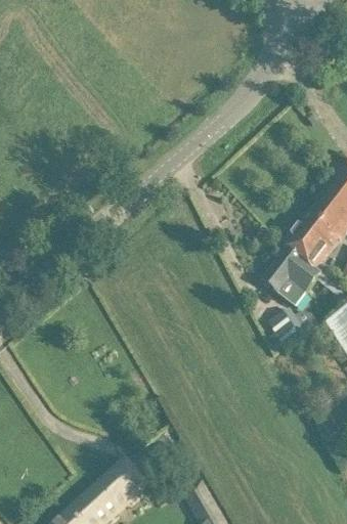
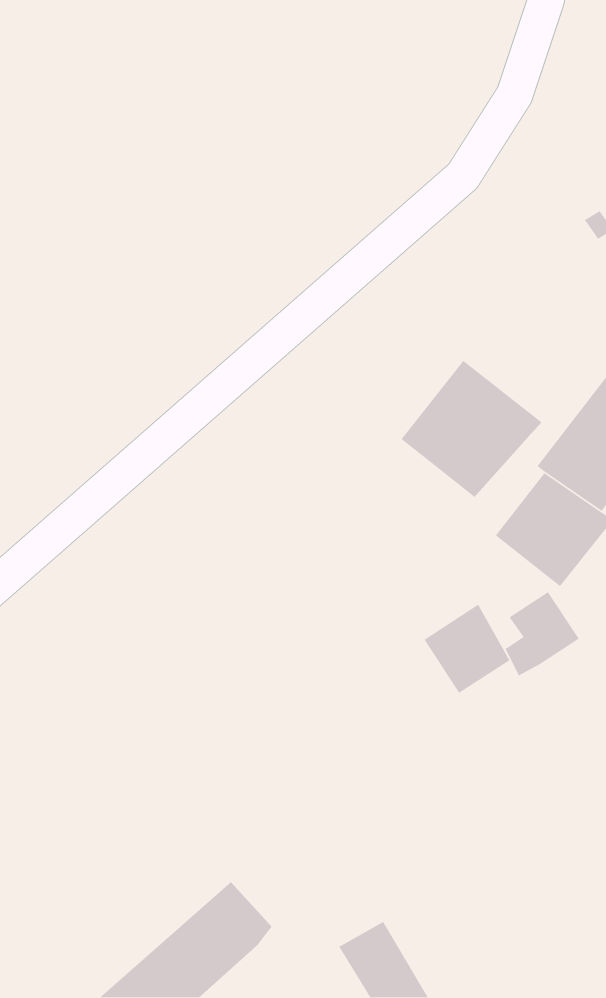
building: none -> [401,360,542,498]
building: none -> [424,603,511,694]

